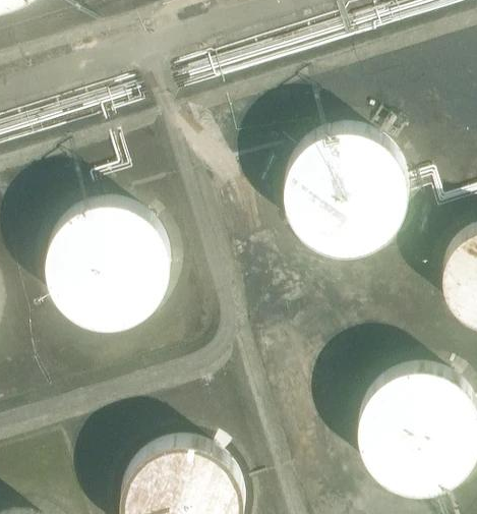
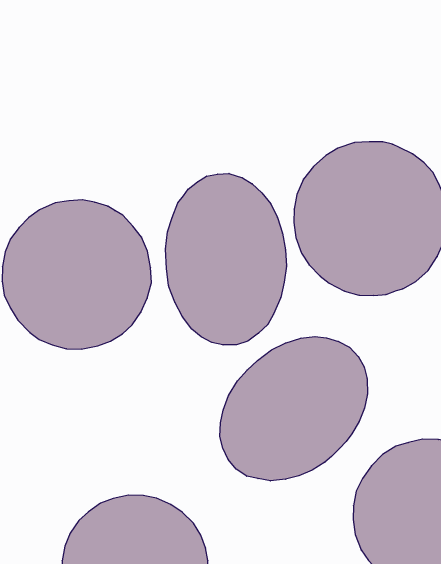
building: none -> [166,173,286,345]
building: none -> [220,337,367,481]

